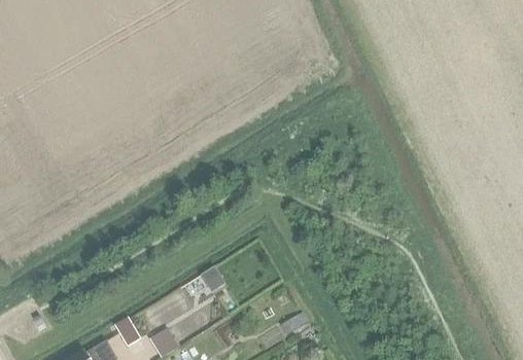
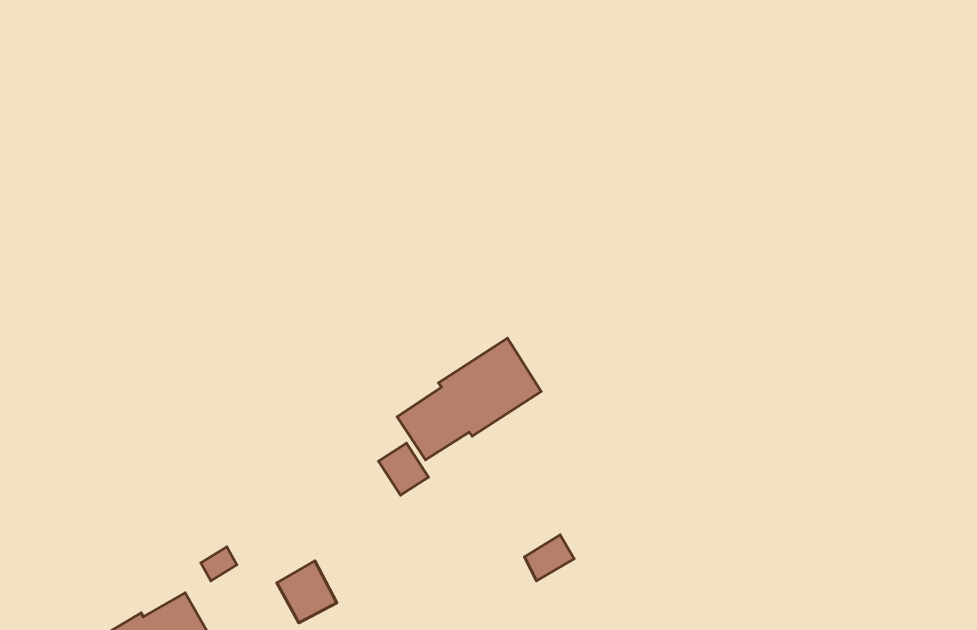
building: none -> [397,338,541,460]

